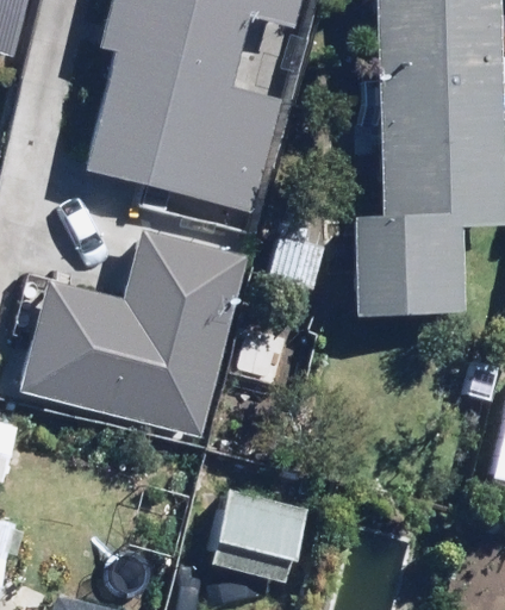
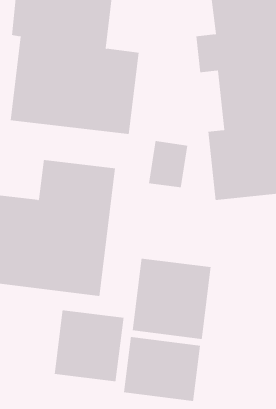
building: none -> [132,258,211,340]
building: none -> [54,309,124,382]

